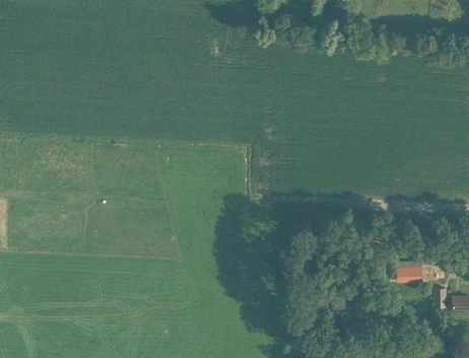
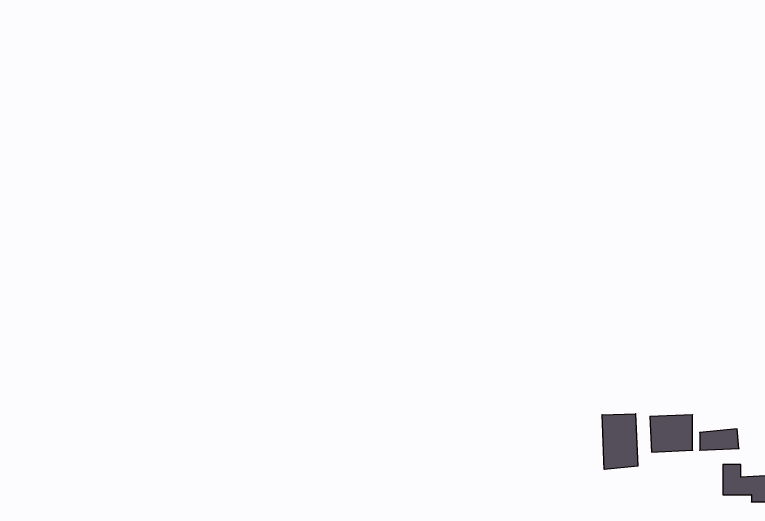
building: none -> [602,414,638,469]

